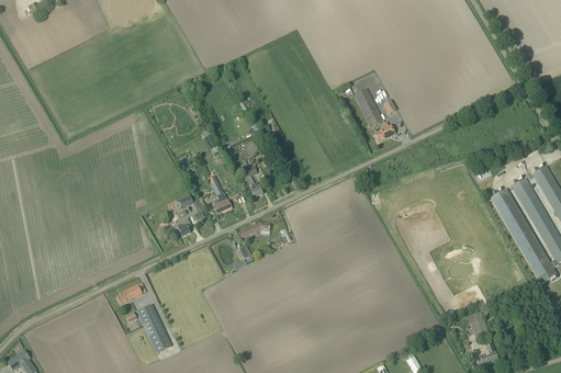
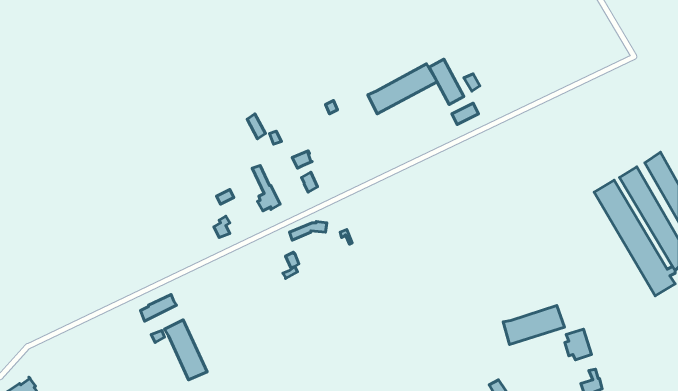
building: none -> [368,64,437,114]
building: none -> [503,305,564,345]

